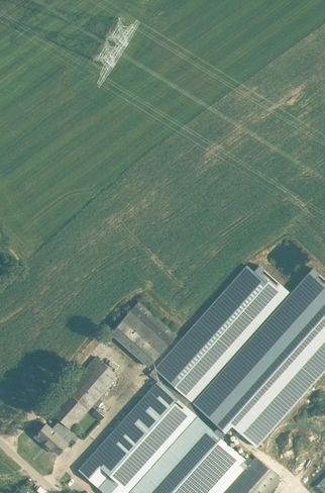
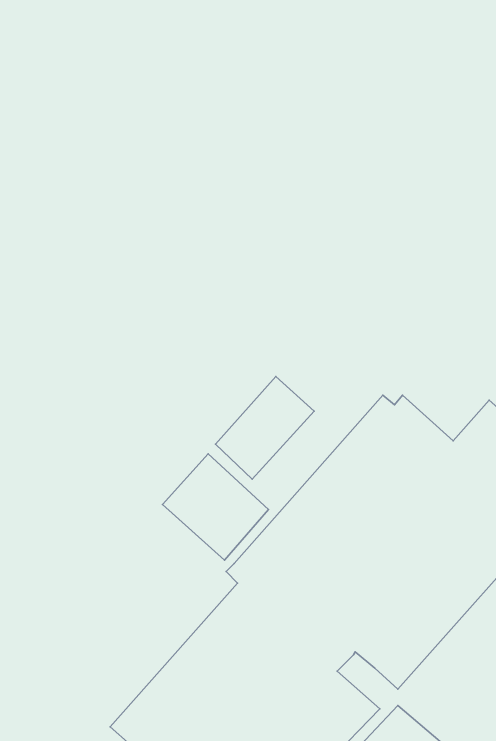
building: none -> [215,377,314,479]
building: [34,359,117,456] -> none

